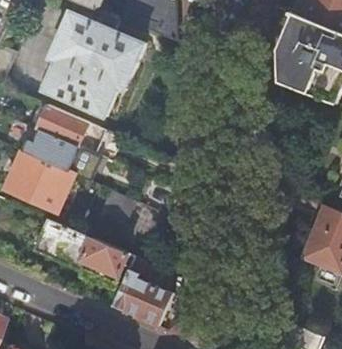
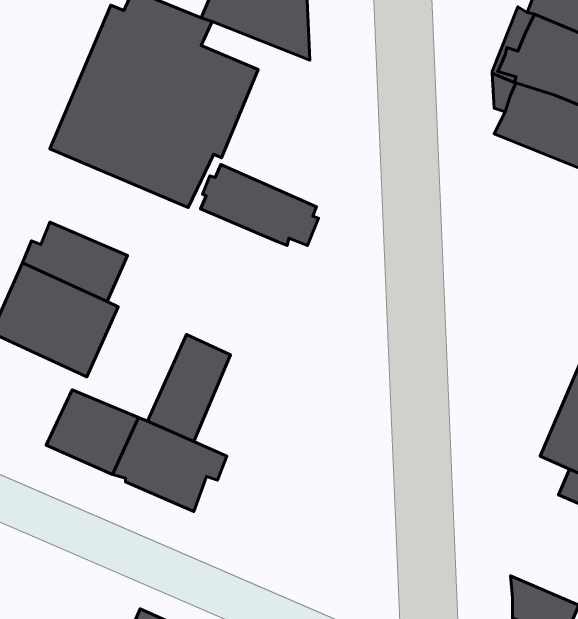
building: [37,105,101,149] -> [201,165,318,246]
building: [113,256,173,327] -> none

